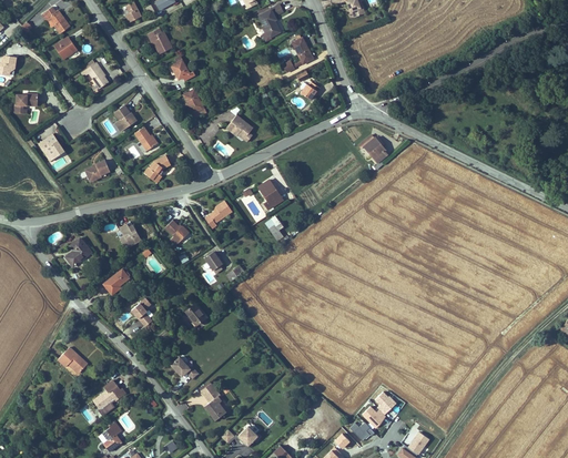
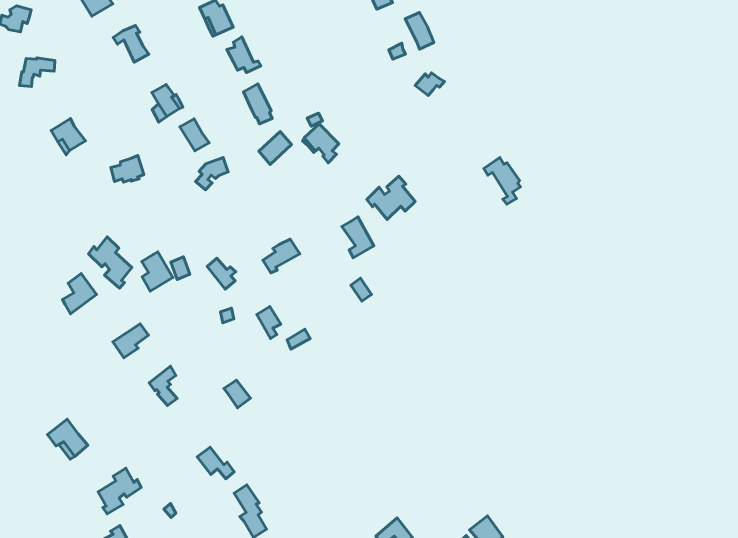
building: none -> [367,176,415,220]
building: none -> [89,237,132,288]

